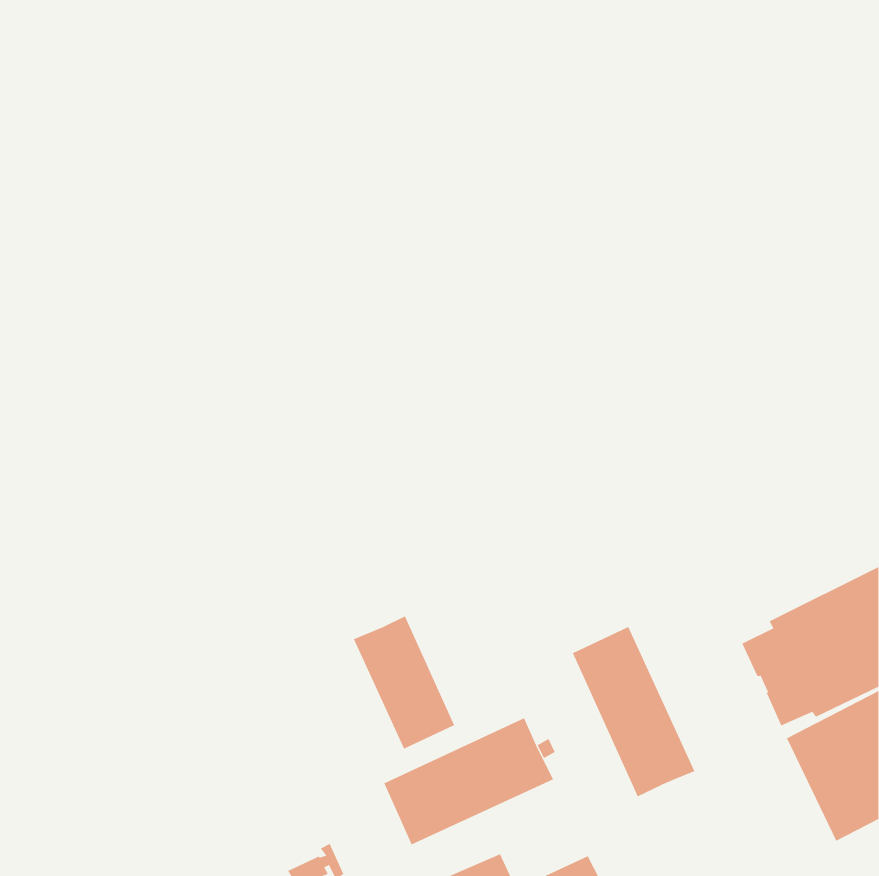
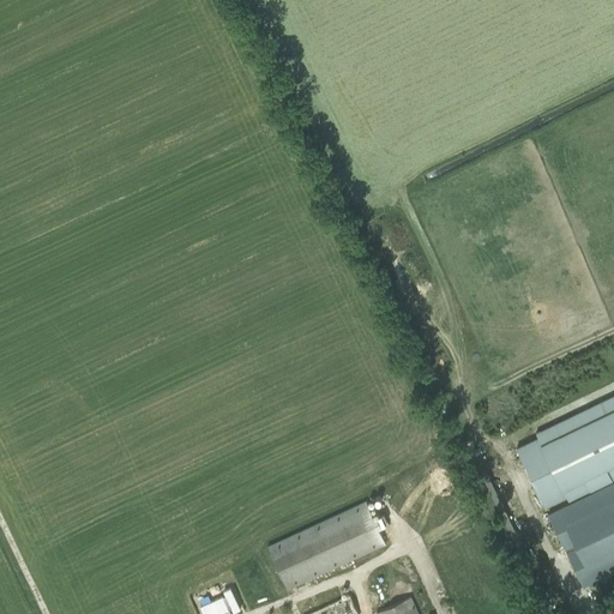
building: [353,616,455,750] -> none
building: [572,626,695,797] -> none

